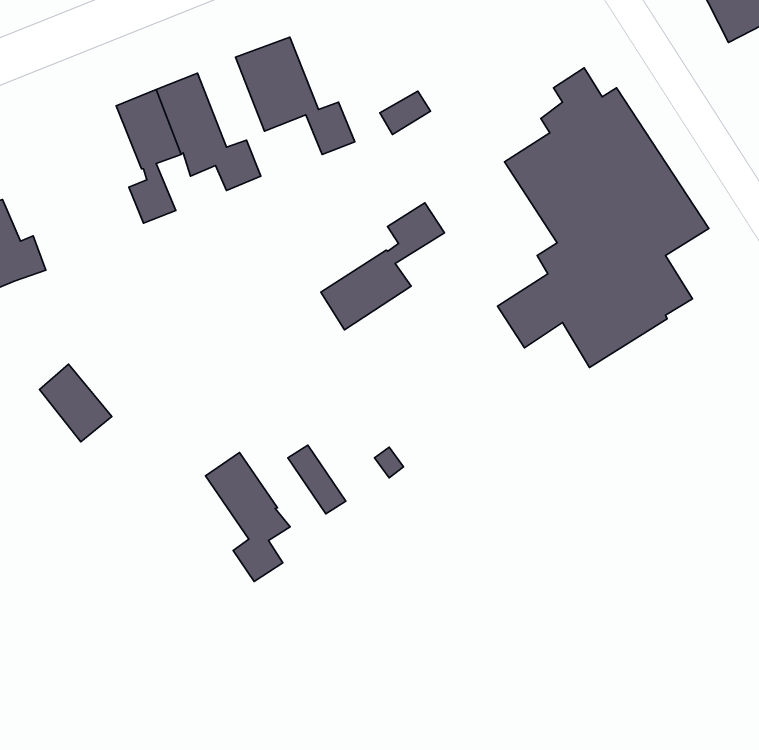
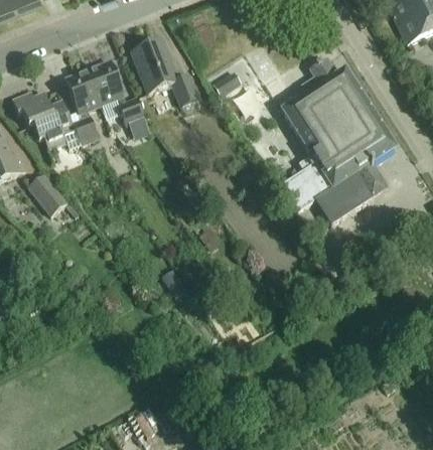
building: none -> [14,94,82,151]
building: [321,203,445,330] -> none
building: [39,364,112,442] -> [28,174,68,217]
building: [205,453,290,582] -> none

